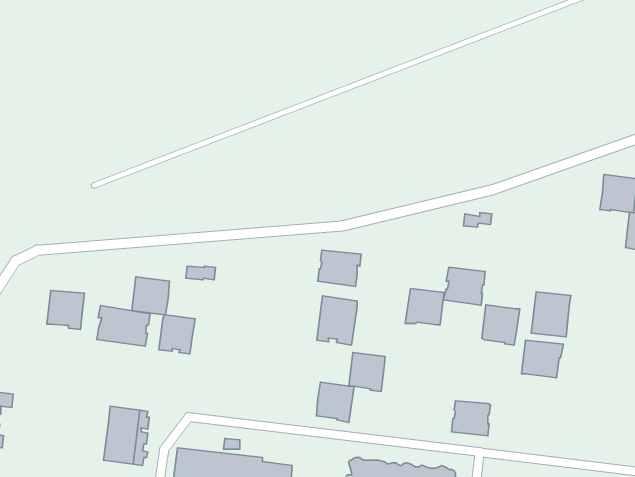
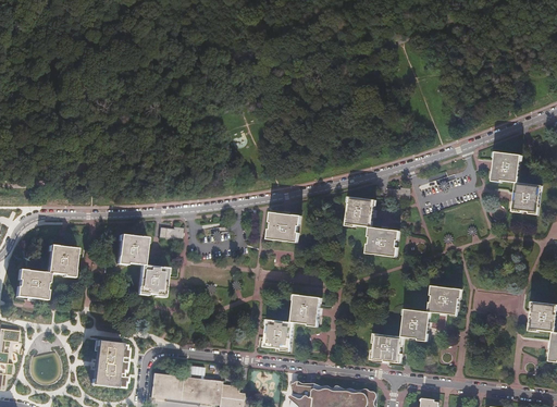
building: [405,289,444,325] -> [344,198,375,227]
building: [531,292,571,337] -> none
building: [317,296,357,345] -> none
building: [482,305,520,345] -> [401,310,432,343]
building: [97,305,150,346] -> none
building: none -> [15,270,49,300]

